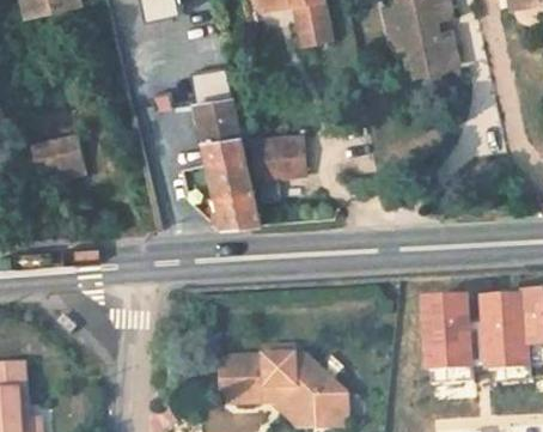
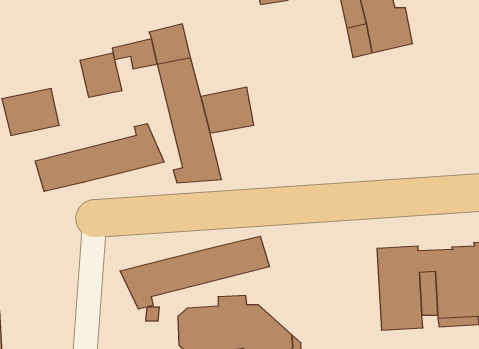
building: none -> [80,53,122,97]
building: none -> [35,124,164,192]
building: none -> [120,236,270,309]

